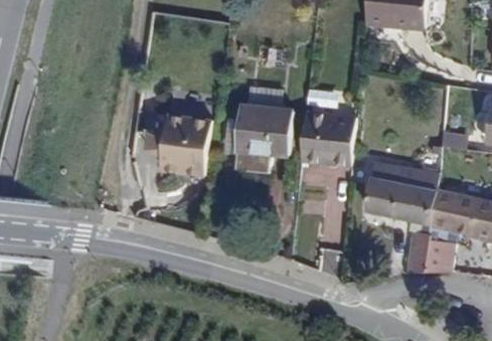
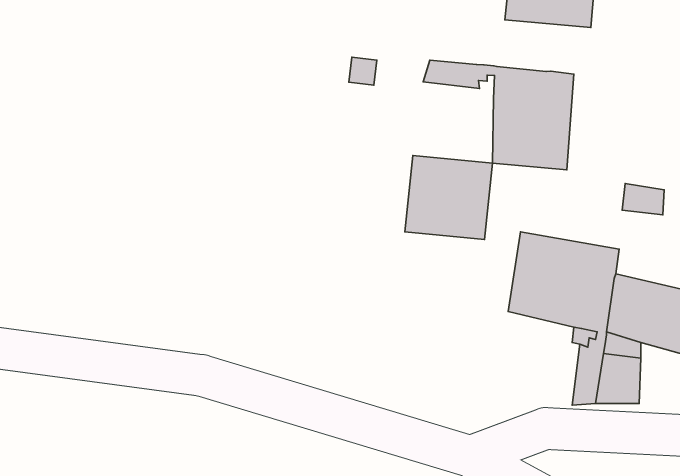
building: none -> [423,60,574,170]
building: [235,104,293,173] -> none
building: [151,114,209,175] -> none

